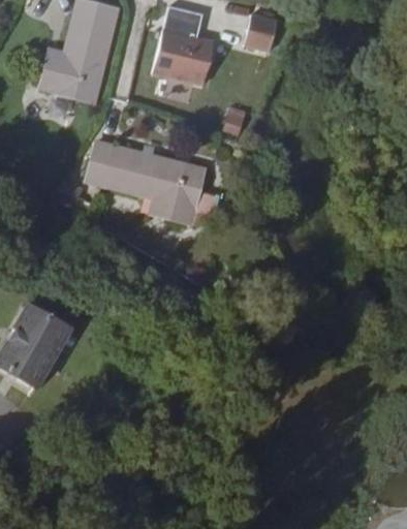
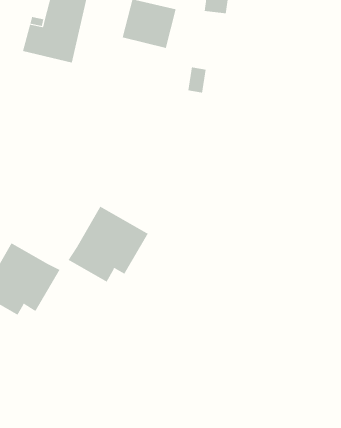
building: [86,139,203,223] -> none
building: none -> [68,206,148,282]

